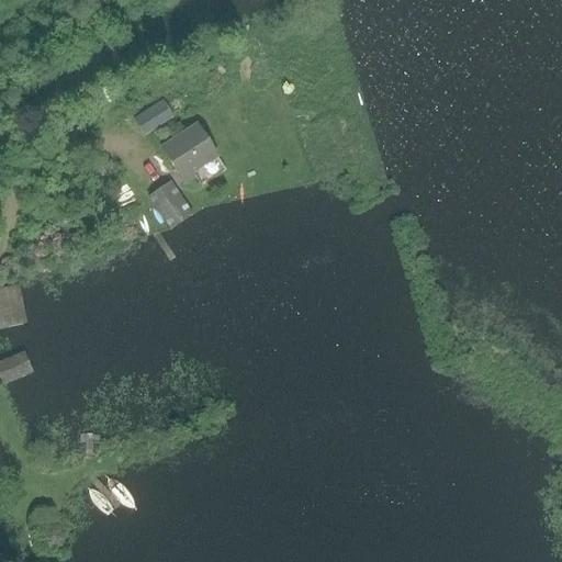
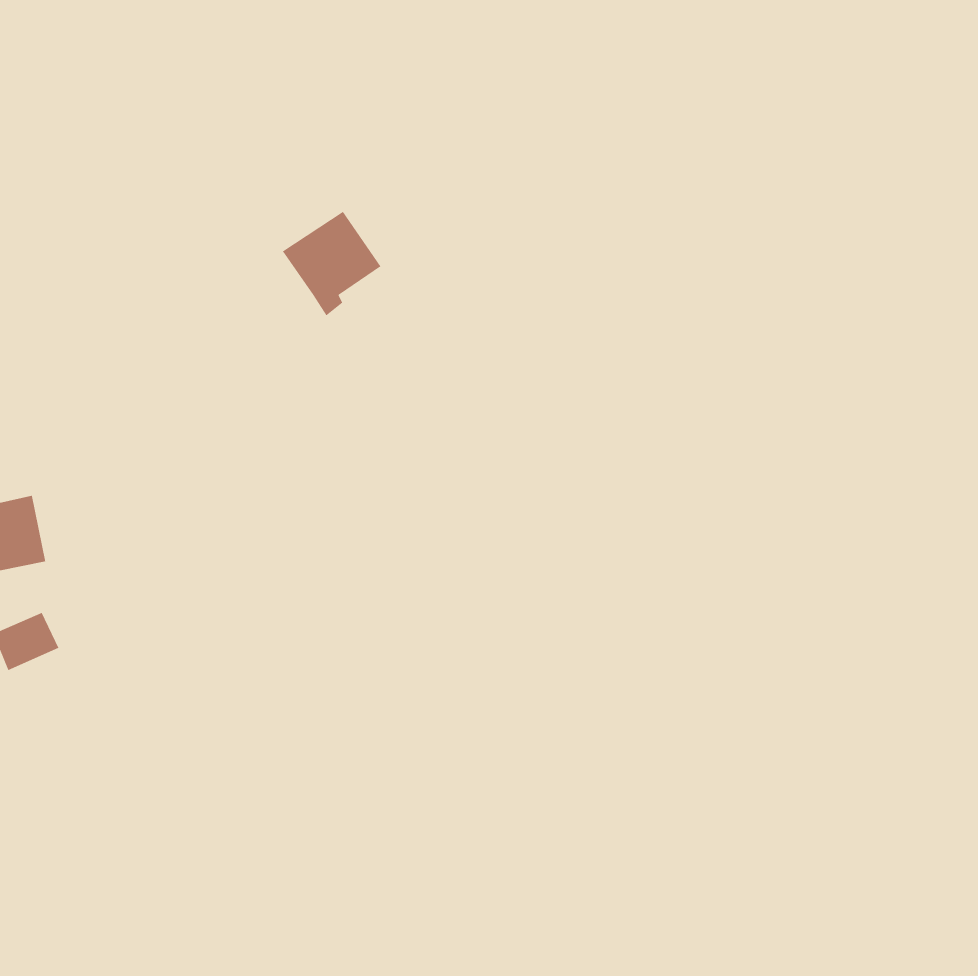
building: [131,95,173,135] -> none
building: [148,180,192,228] -> none

